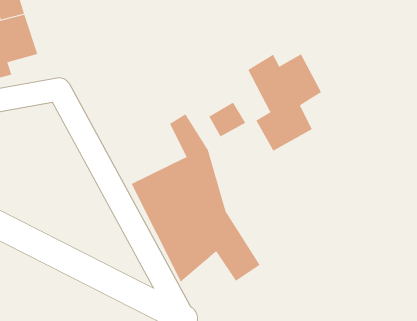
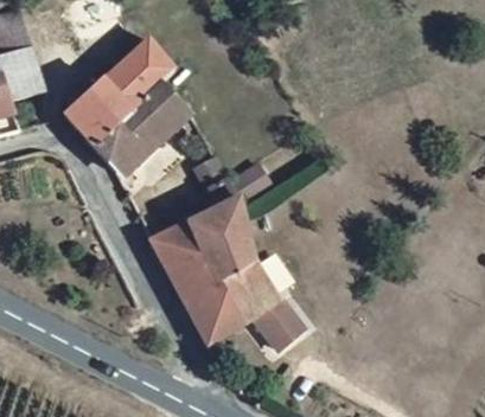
building: none -> [66,41,187,173]
building: [248,53,322,151] -> none

